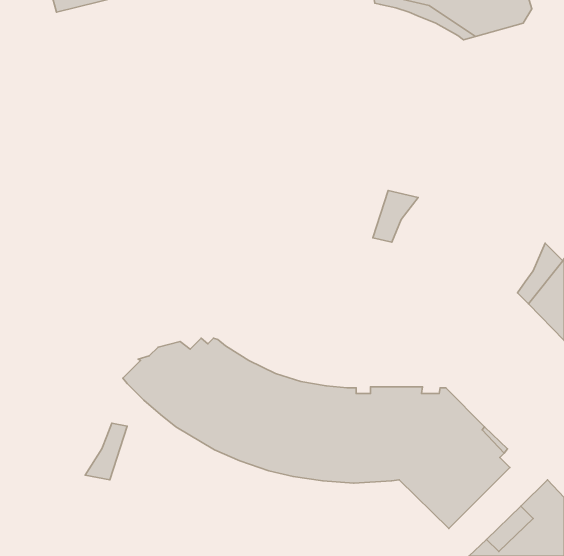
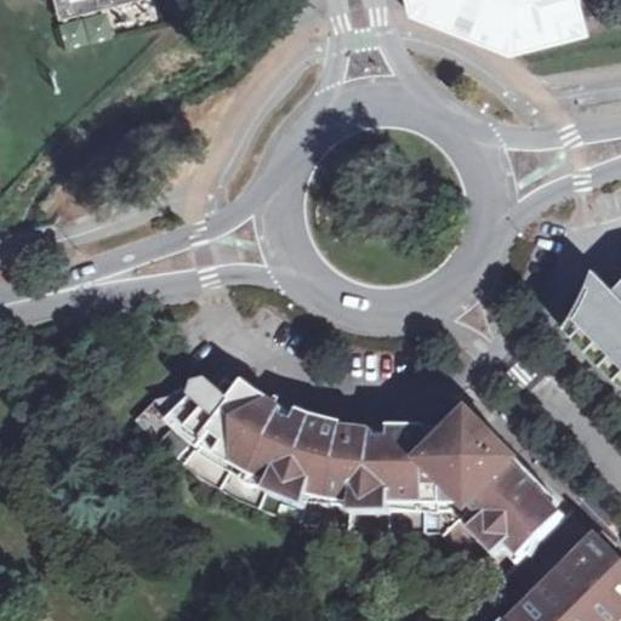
building: [373,190,418,242] -> none
building: [85,423,127,480] -> none

